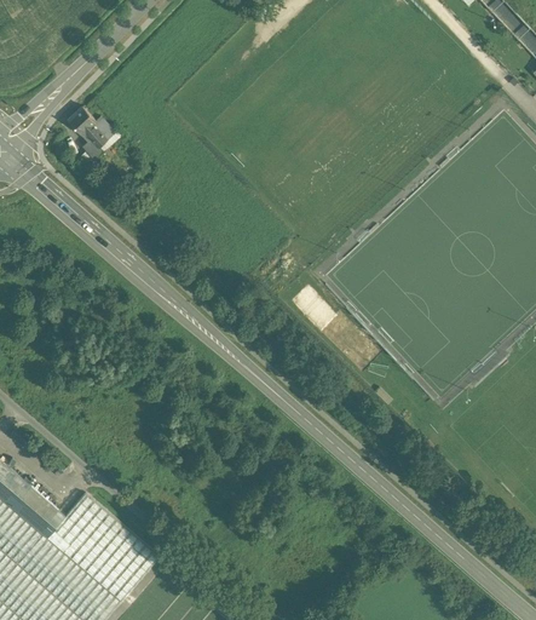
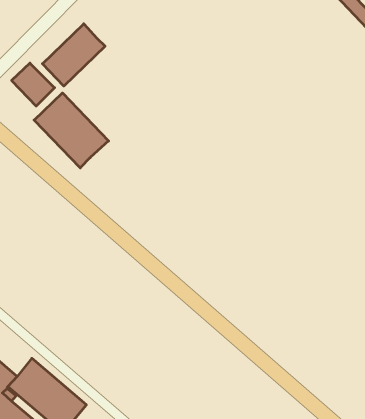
building: none -> [42,24,105,86]
building: none -> [34,93,109,168]

